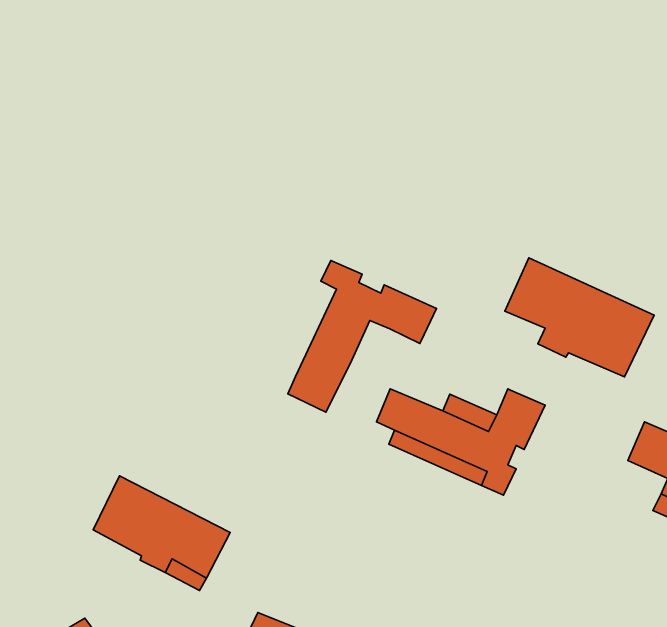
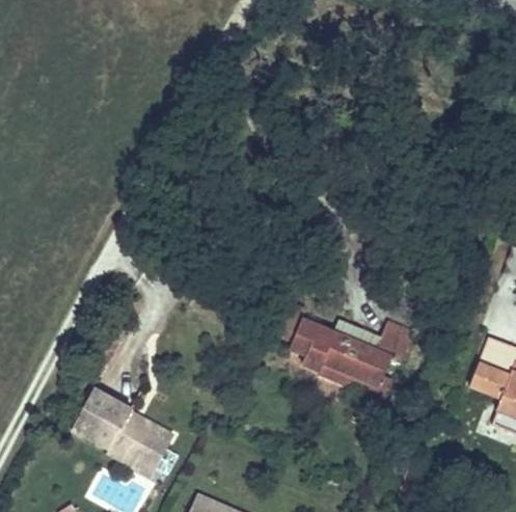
building: [505,258,654,377] -> none
building: [288,260,437,412] -> none

